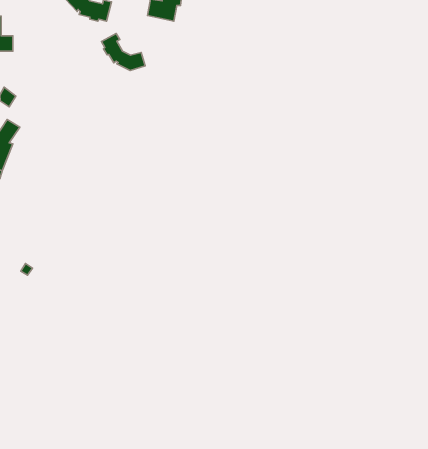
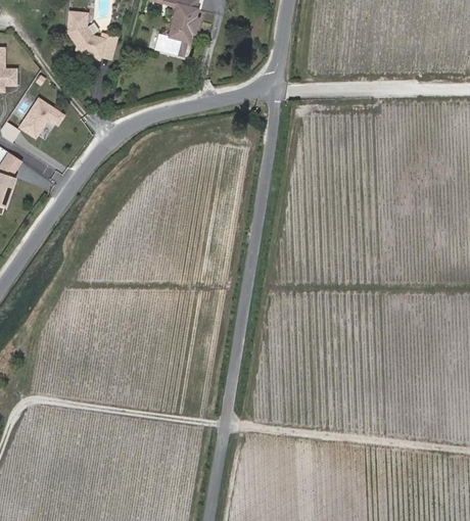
building: [101,34,145,71] -> none
building: none -> [18,98,62,137]

